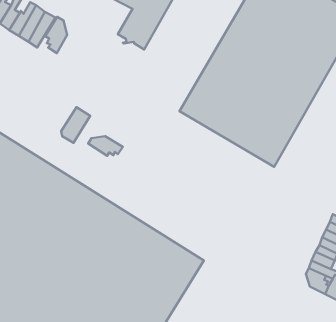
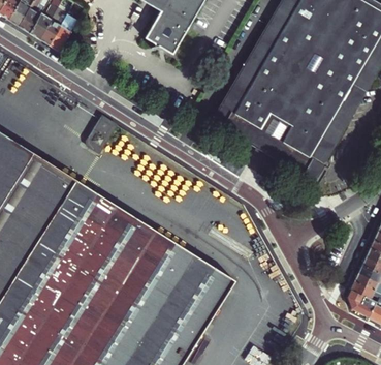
building: [45,17,67,53] -> none
building: [88,136,123,156] -> none

